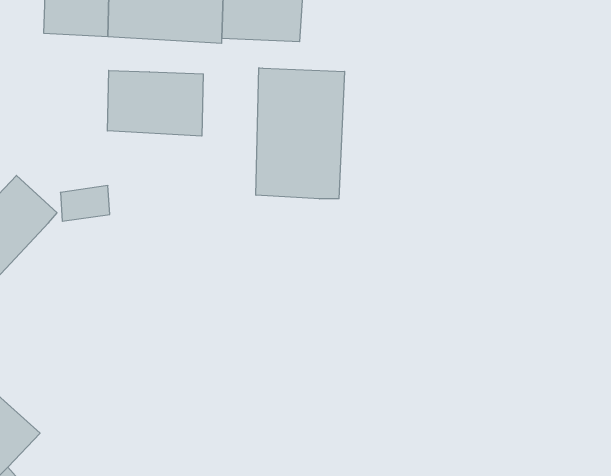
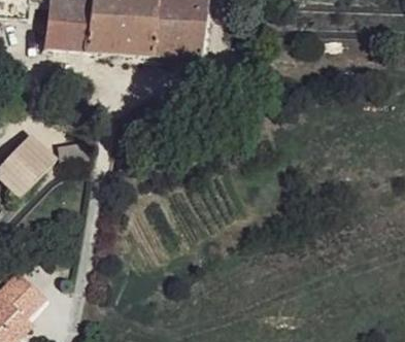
building: [256,68,345,199] -> none
building: [107,70,203,136] -> none

